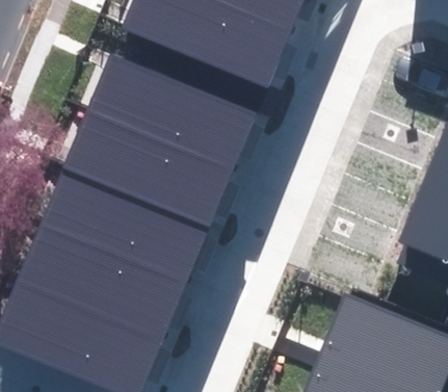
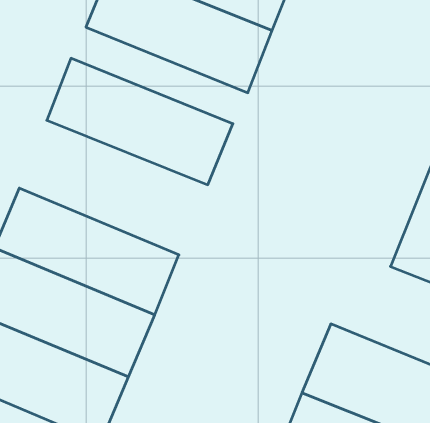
building: [62,110,233,232] -> none

